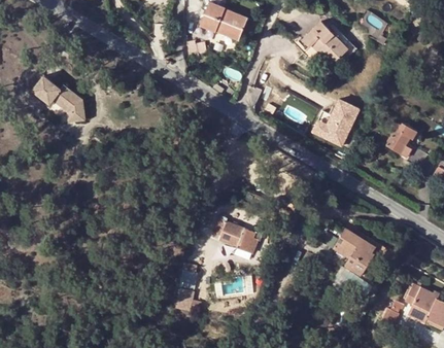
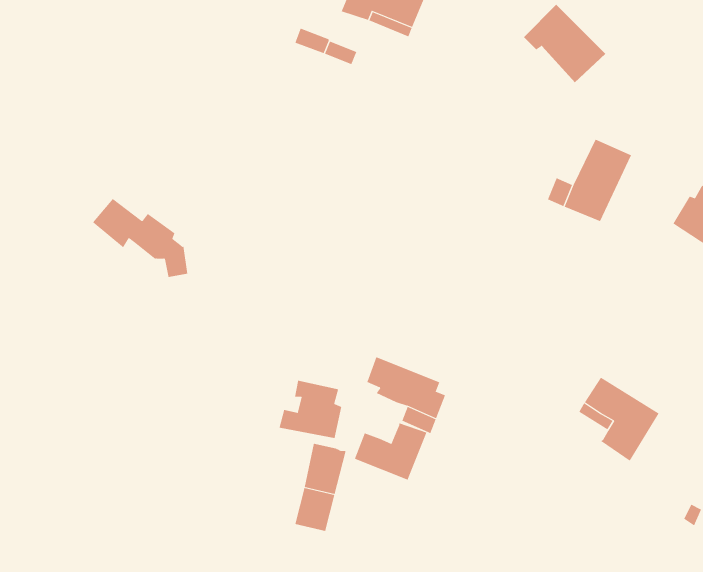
building: [32,76,86,120] -> [92,198,188,278]
building: none -> [279,380,342,439]
building: none -> [354,423,427,481]

